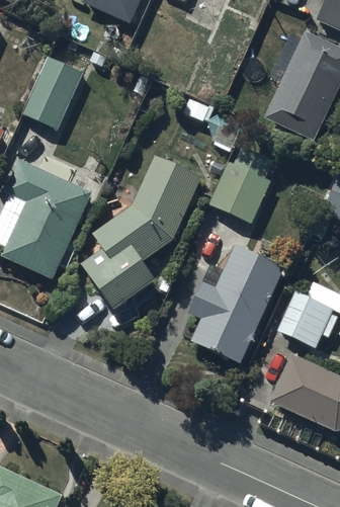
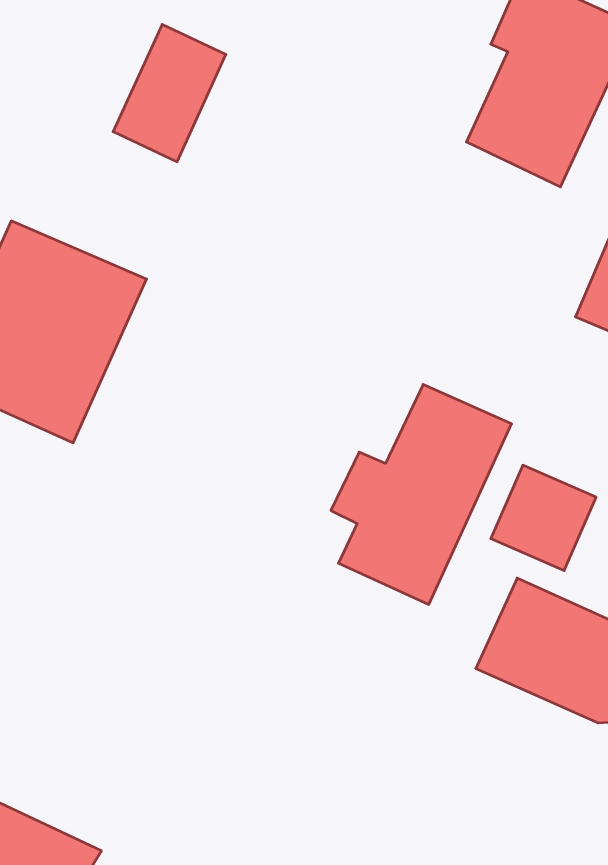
building: [21,55,82,129] -> [113,24,226,162]
building: [210,145,276,224] -> none
building: [83,158,204,313] -> none

